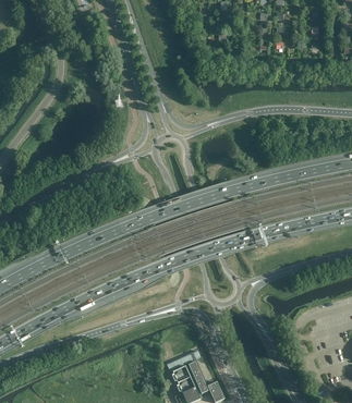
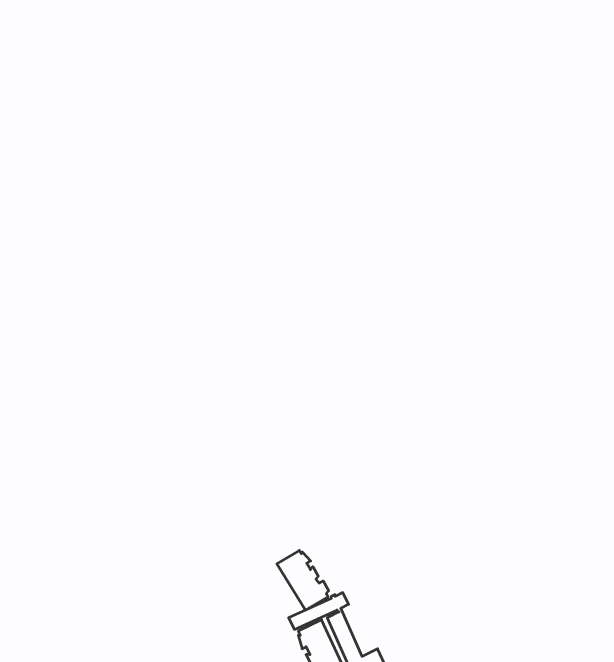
building: none -> [277,550,329,610]

